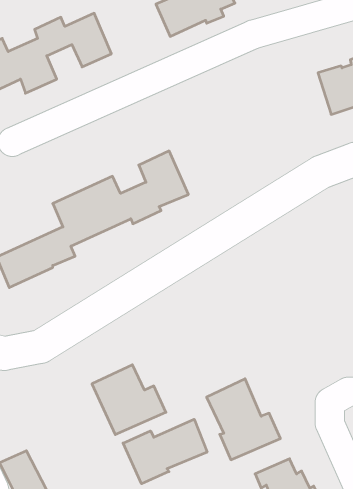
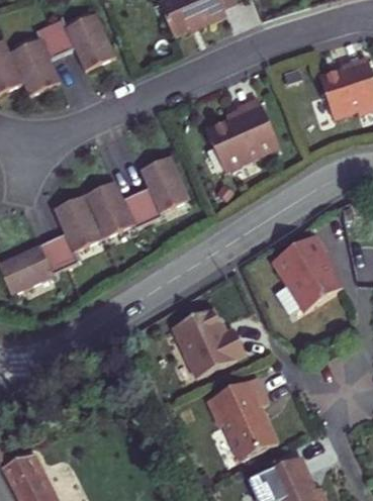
building: none -> [204,99,278,172]
building: none -> [270,235,340,312]
building: [92,365,166,435] -> [170,308,244,378]
building: [123,419,207,484] -> none

